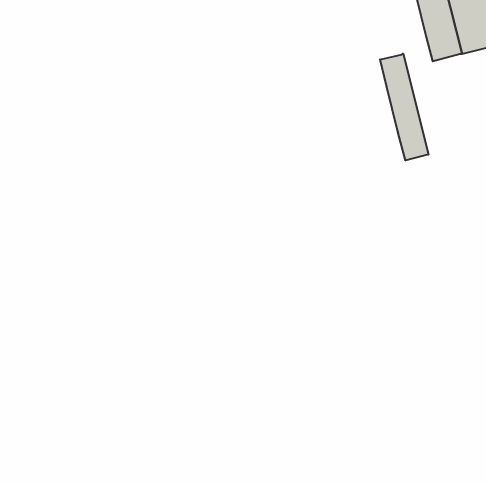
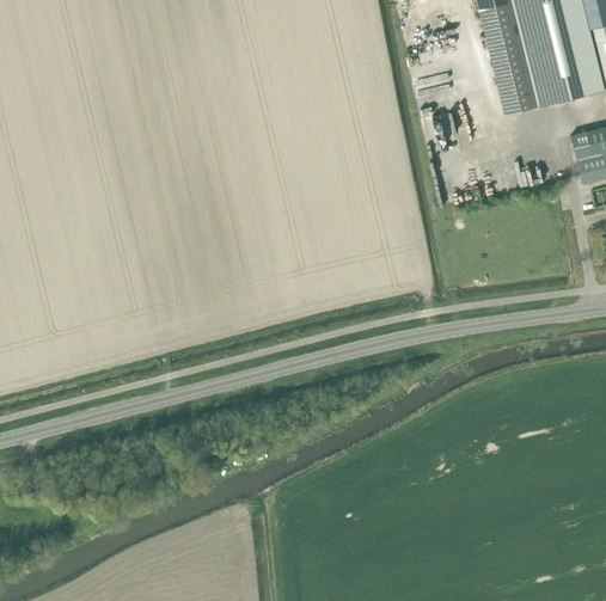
building: [380,54,428,160] -> none

